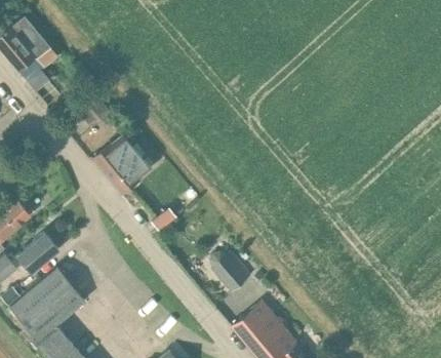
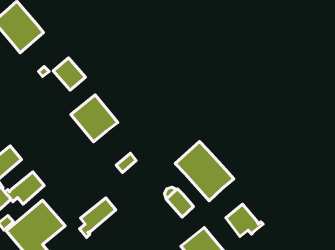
building: none -> [175,141,234,201]
building: none -> [79,198,116,237]
building: none -> [226,204,263,237]

